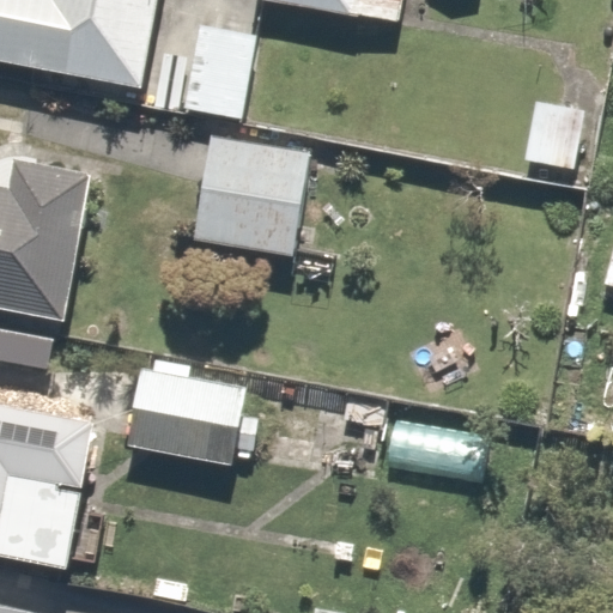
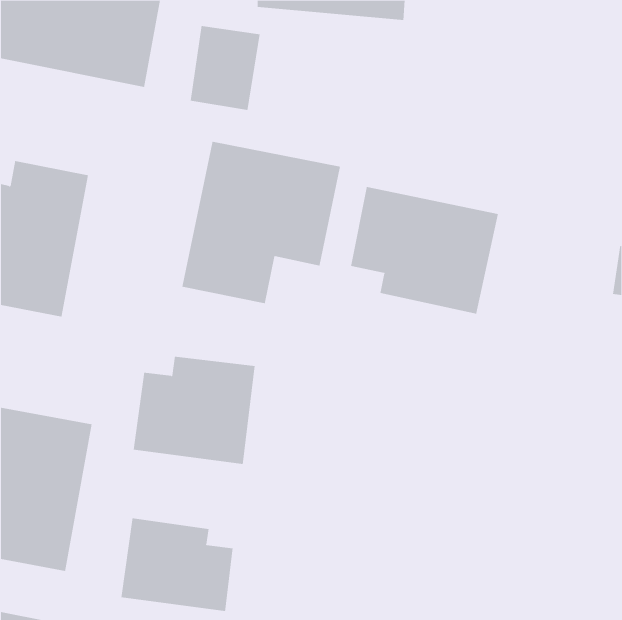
building: none -> [351,186,498,314]
building: none -> [121,518,233,612]

